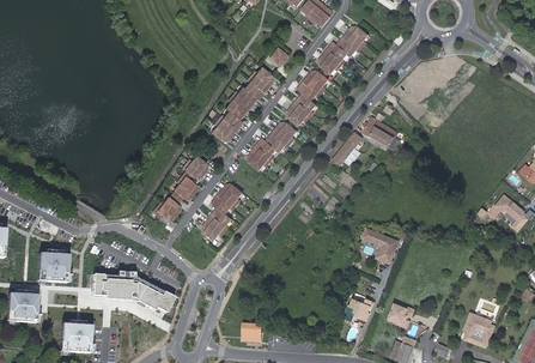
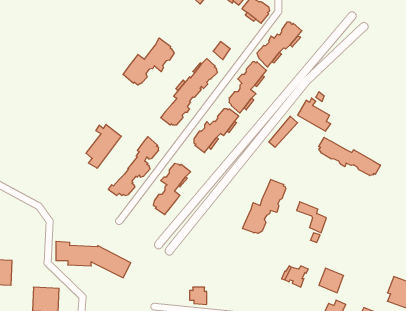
building: none -> [123,38,174,85]
building: none -> [86,124,121,168]
building: none -> [319,137,381,176]
building: none -> [243,179,286,233]
building: [43,250,73,278] -> none

